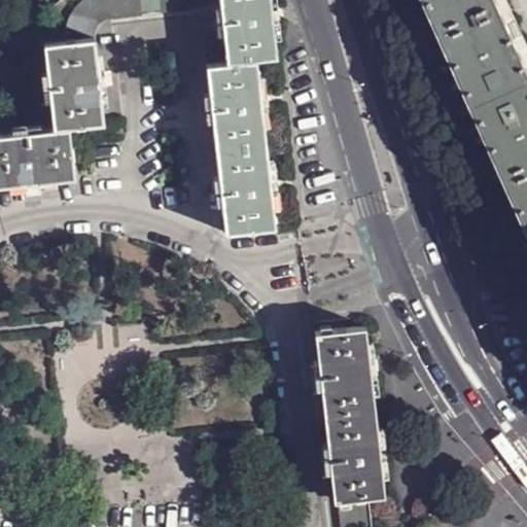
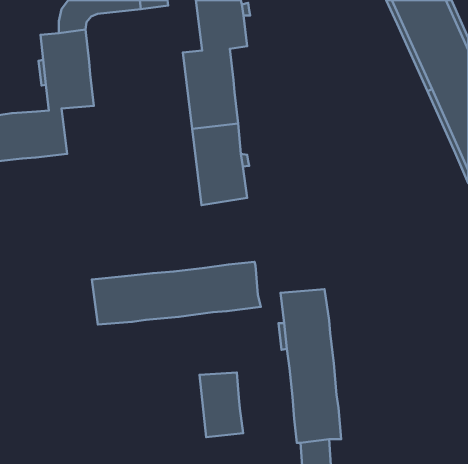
building: none -> [92,262,261,325]
building: none -> [199,372,243,437]

